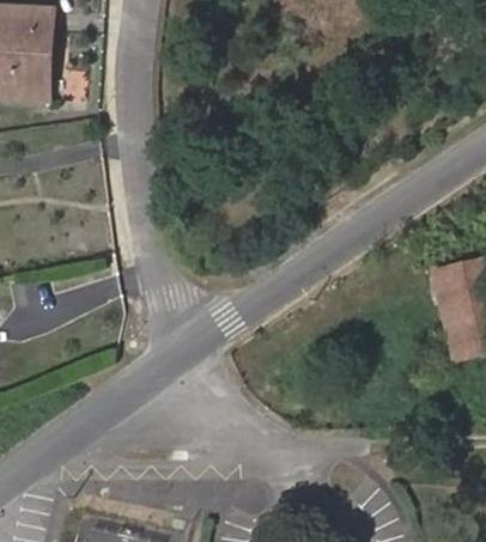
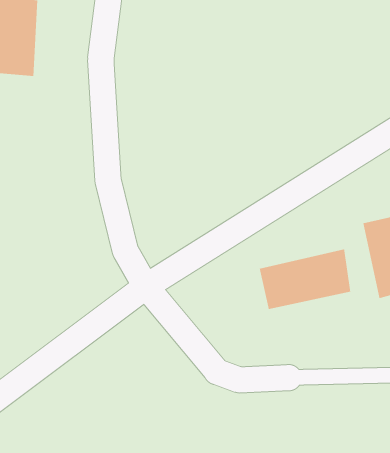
building: none -> [259,249,351,310]

